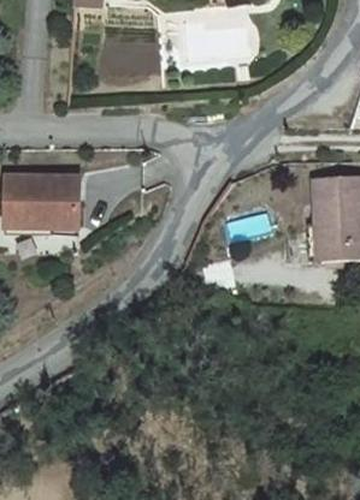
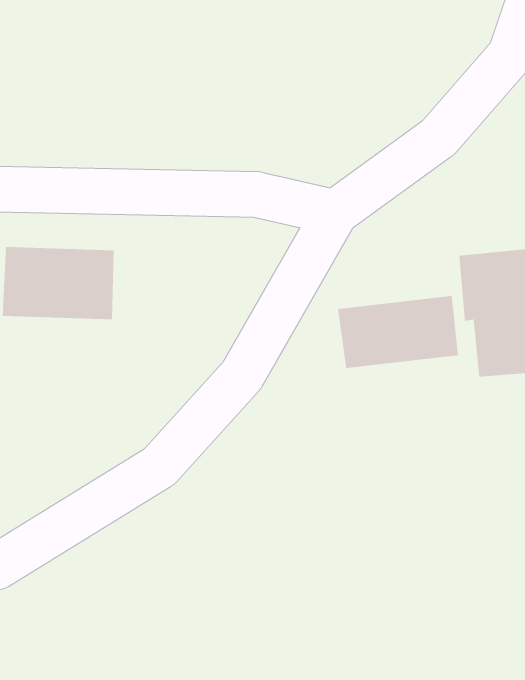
building: none -> [338,295,459,369]

